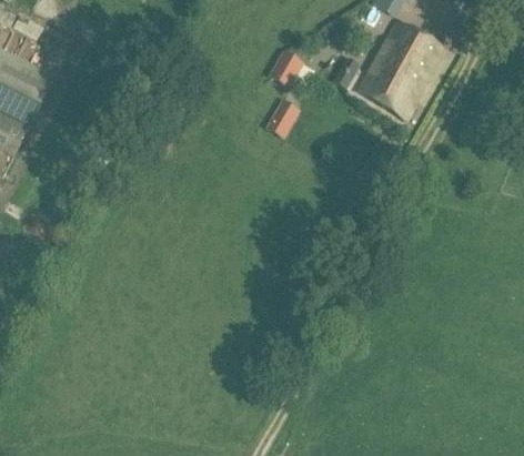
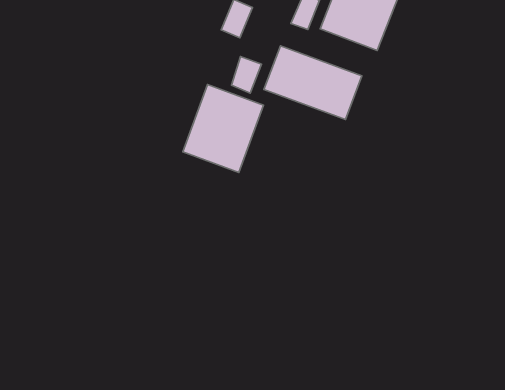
building: none -> [264,46,362,120]
building: none -> [183,84,263,173]

